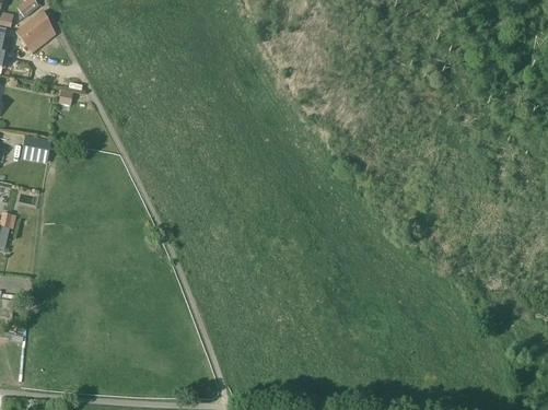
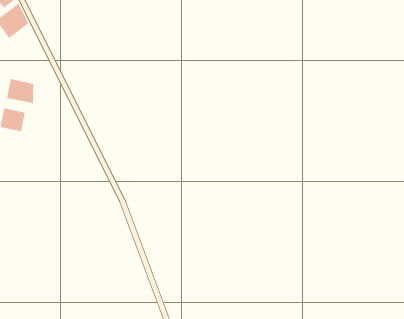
building: none -> [6,78,34,104]

